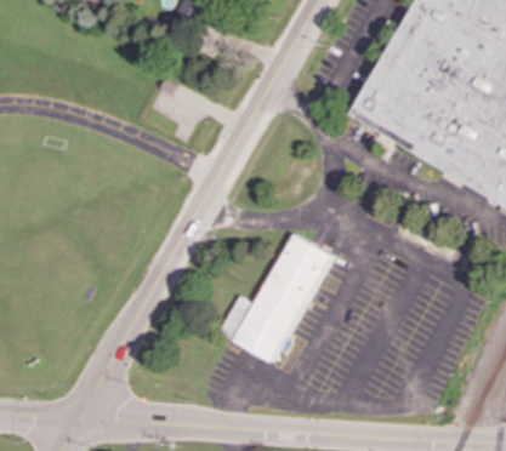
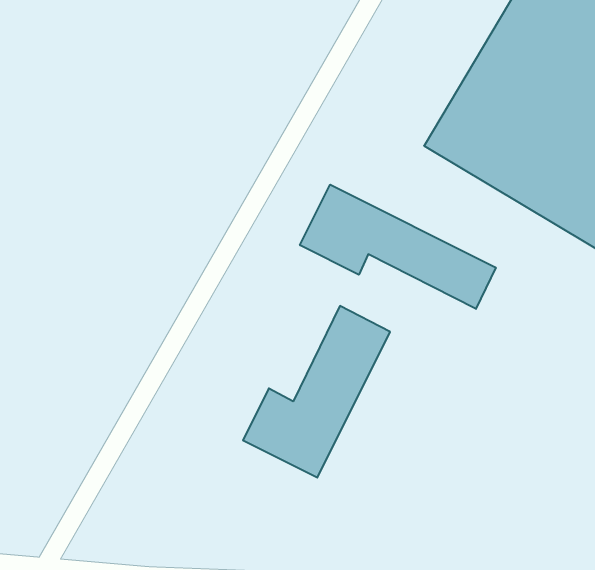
building: none -> [300,185,496,309]

